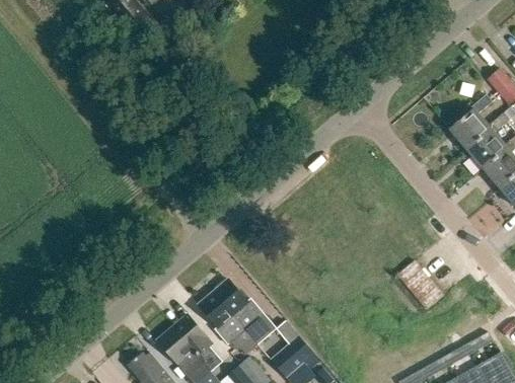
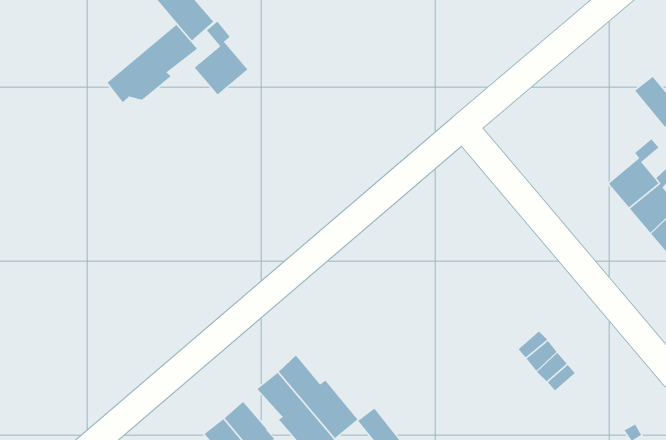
building: none -> [194,21,248,95]
building: none -> [107,24,198,103]
building: [449,96,490,149] -> none

